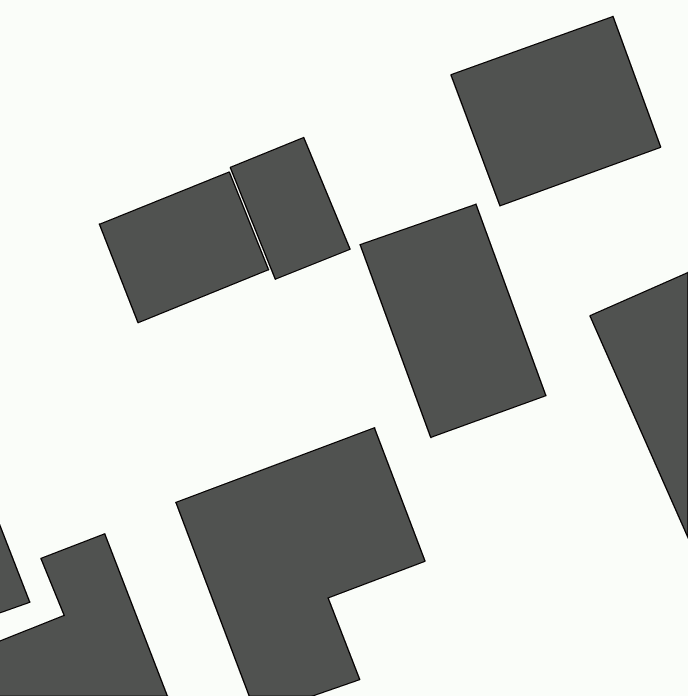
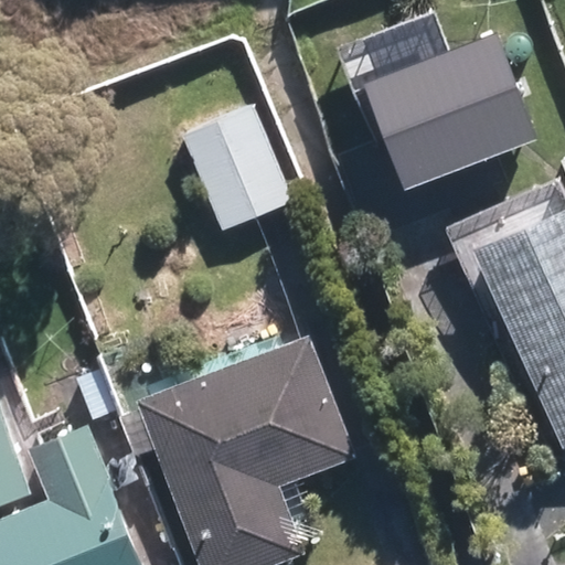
building: [99,172,268,323] -> none
building: [360,204,546,438] -> none

